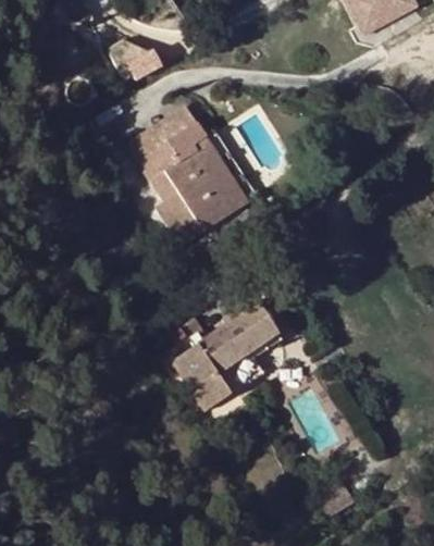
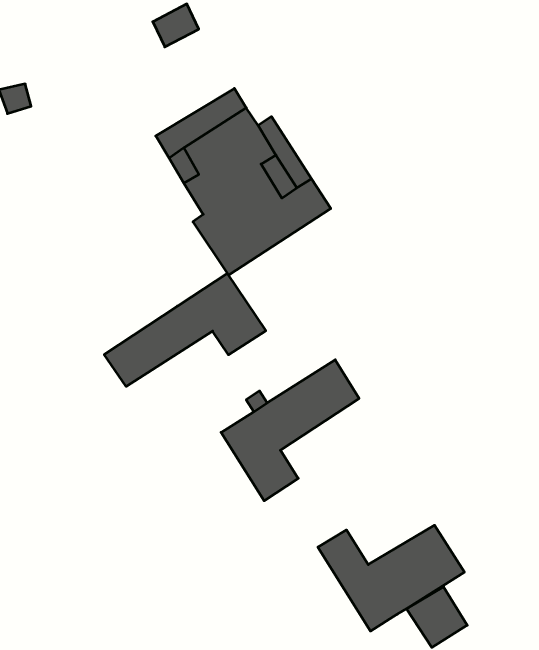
building: none -> [104,274,266,386]
building: none -> [318,525,464,631]

